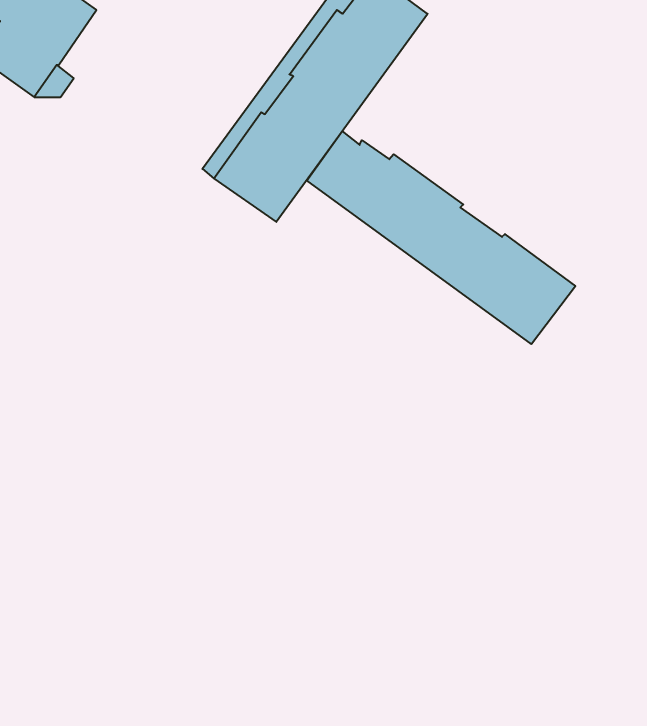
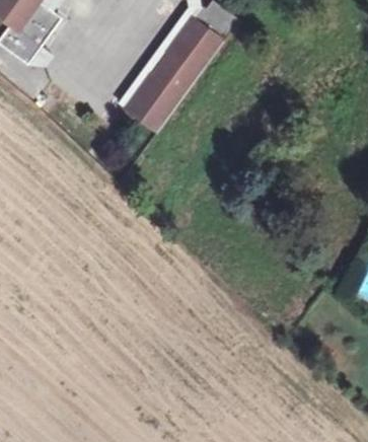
building: [307,131,575,344] -> none

